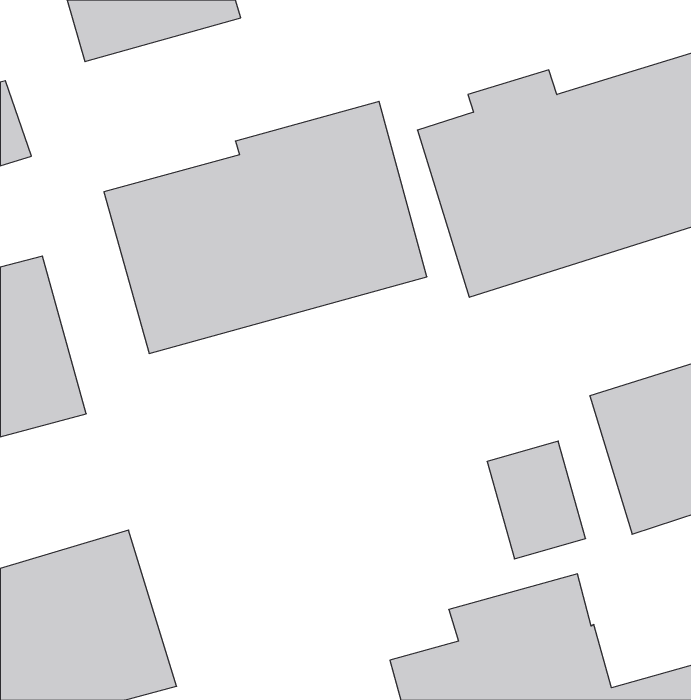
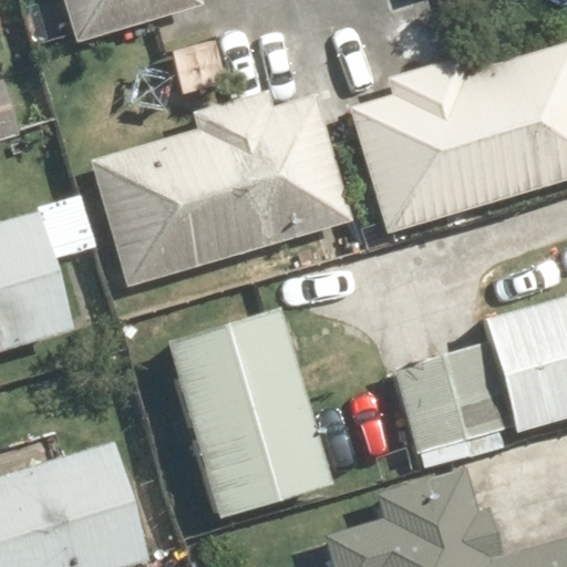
building: none -> [163,307,327,518]

